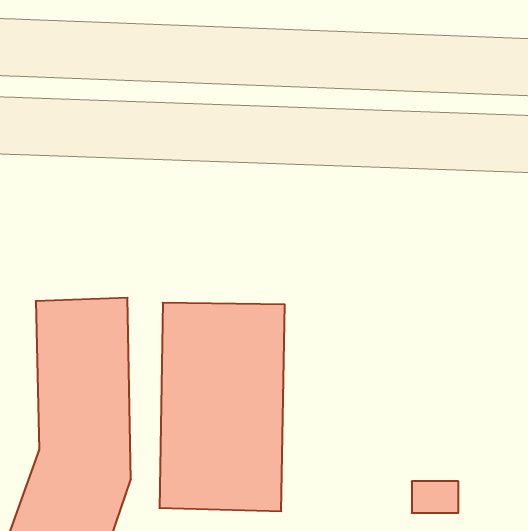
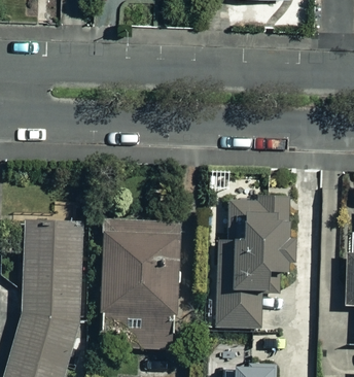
building: none -> [217,196,289,329]

